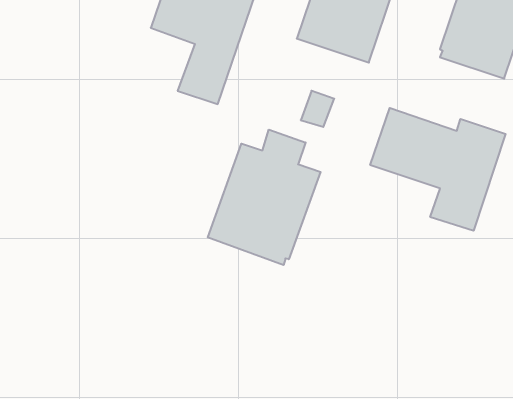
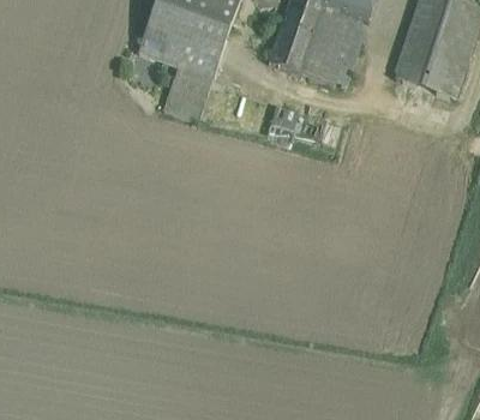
building: [370,108,506,231] -> none
building: [208,130,321,265] -> none

